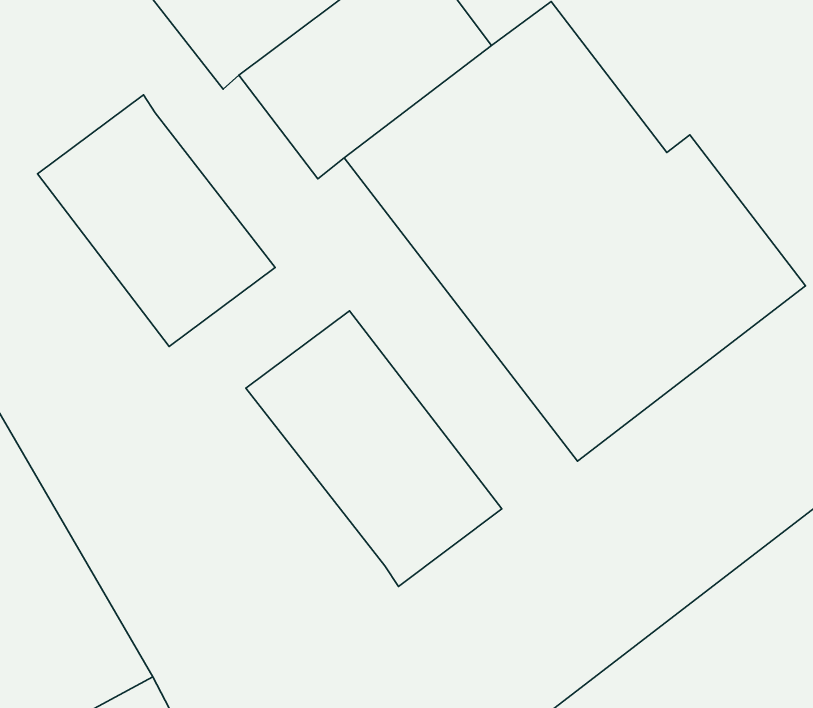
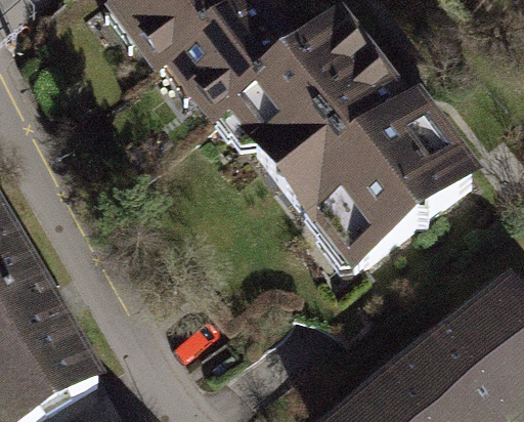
building: [37,95,275,346] -> none
building: [246,311,502,586] -> none

